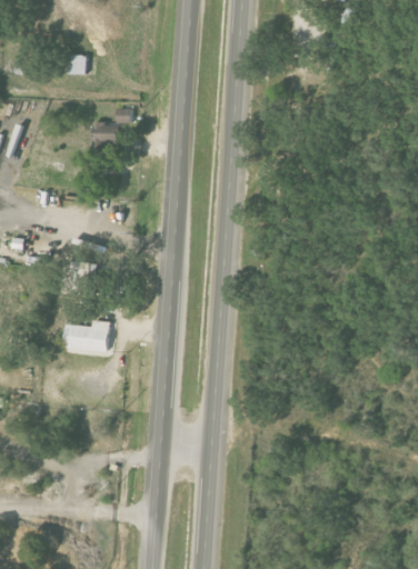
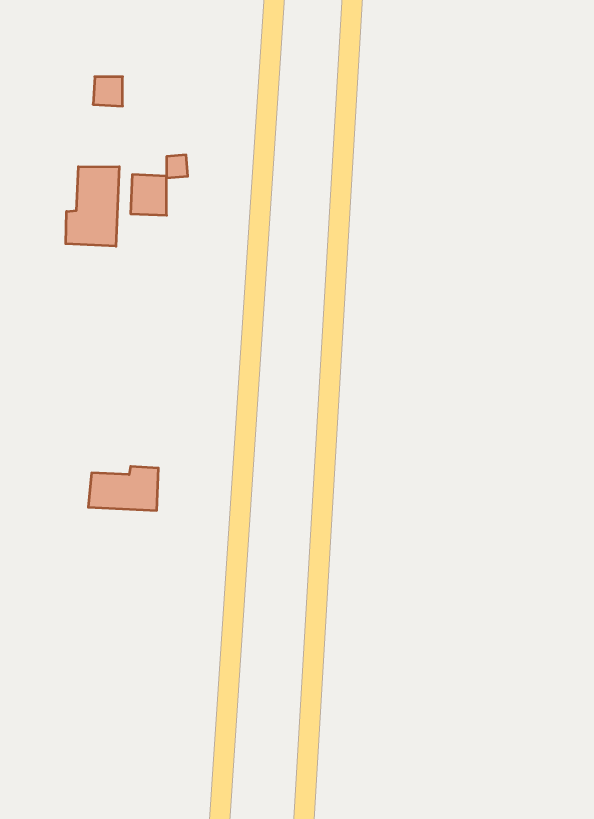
building: none -> [66,167,119,246]

